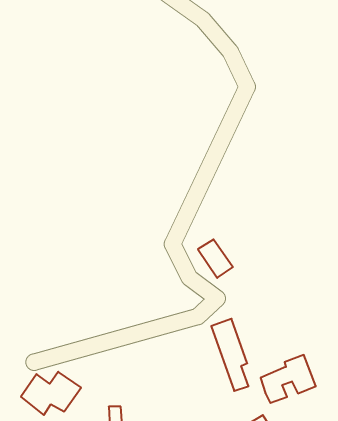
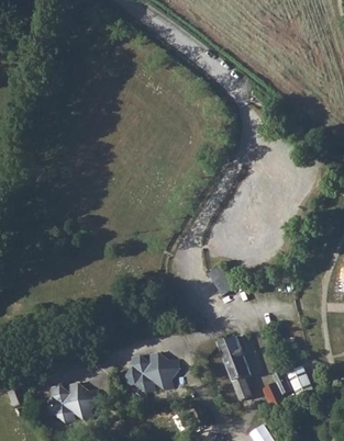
building: none -> [124,351,180,389]

